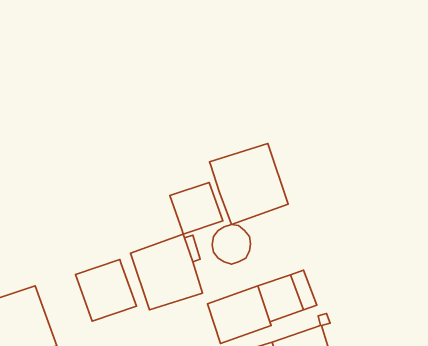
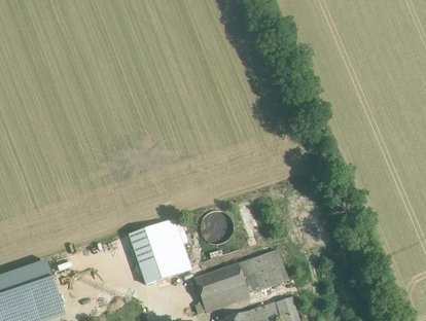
building: [210,144,288,224] -> none
building: [170,182,223,234] -> none
building: [76,260,136,321] -> none

